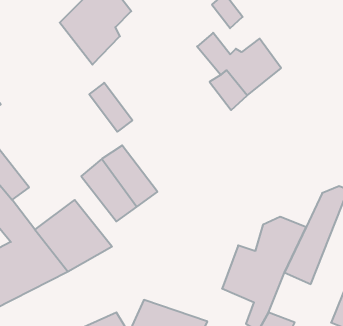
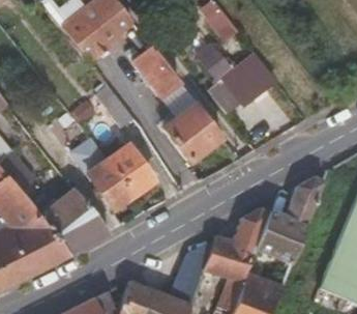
building: none -> [132,27,180,97]
building: none -> [170,105,222,164]
building: none -> [169,246,206,297]

